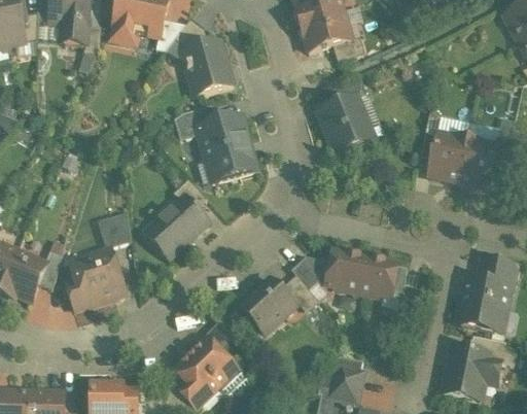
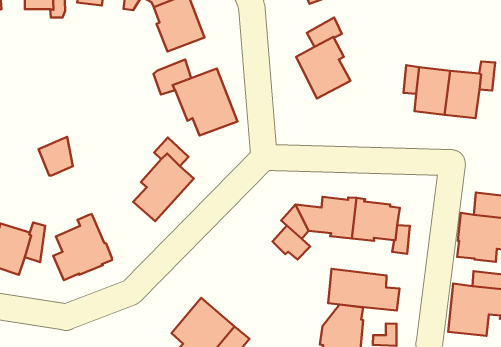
building: [97,212,129,248] -> [38,137,73,176]
building: [239,280,291,335] -> none
building: none -> [328,269,400,311]

